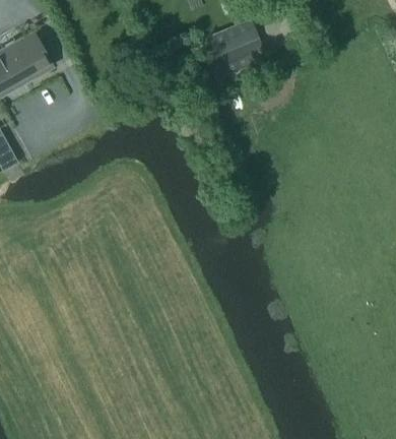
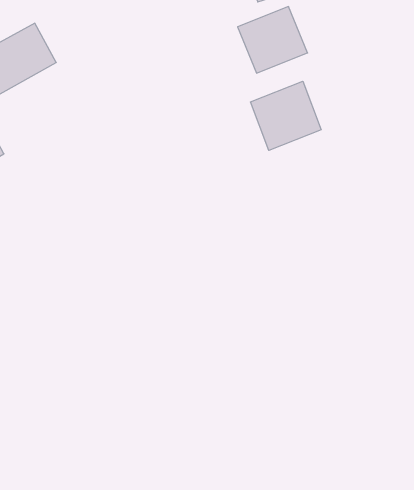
building: none -> [250,81,321,150]

